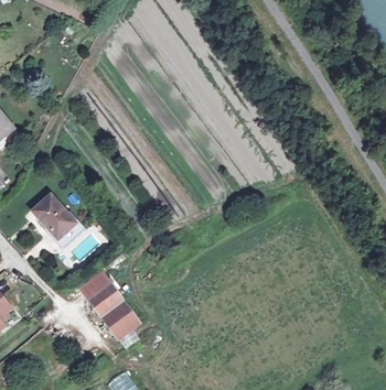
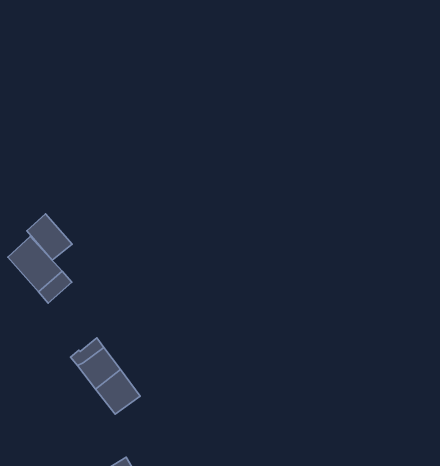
building: none -> [27,214,72,260]

